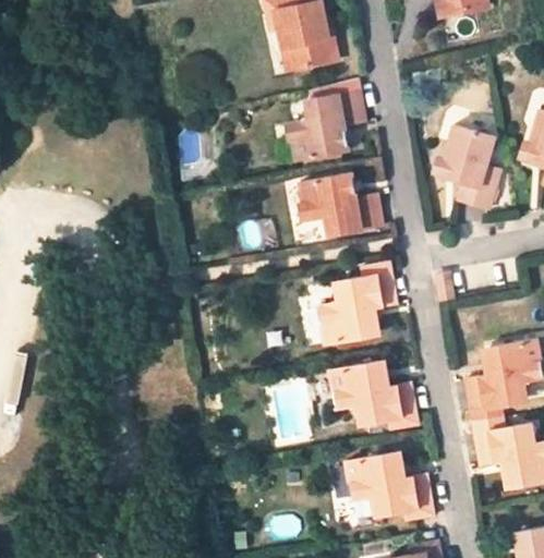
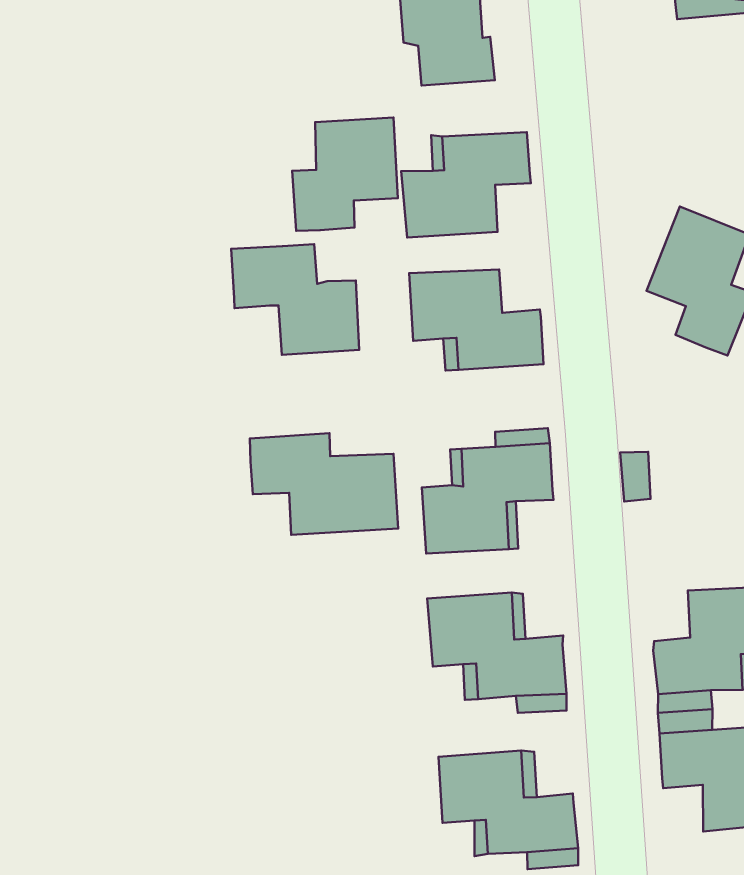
building: none -> [292,117,398,231]
building: none -> [231,244,359,355]
building: none -> [250,433,398,535]

